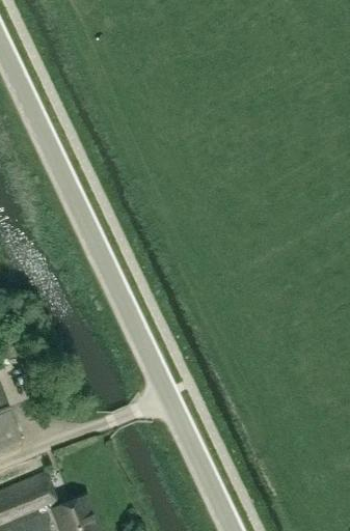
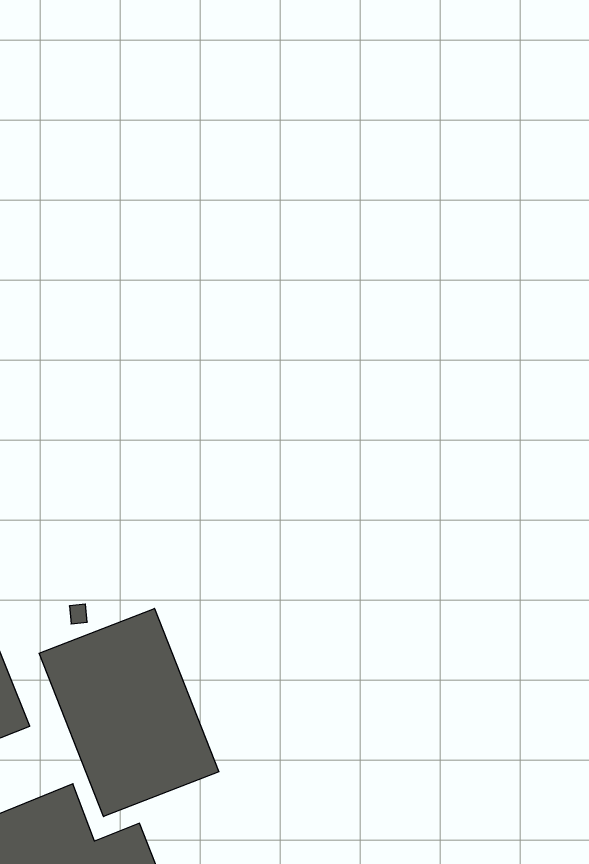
building: none -> [39,608,219,817]

